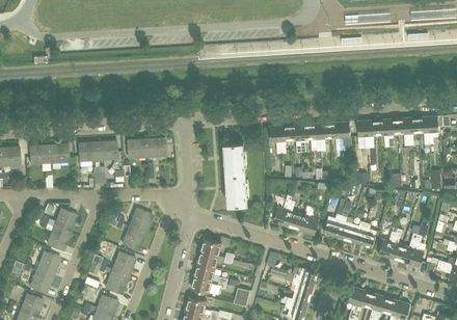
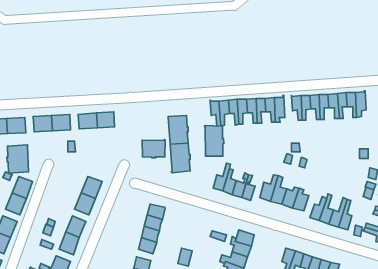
building: none -> [204,125,224,156]
building: none -> [142,139,165,158]
building: none -> [7,145,28,173]

